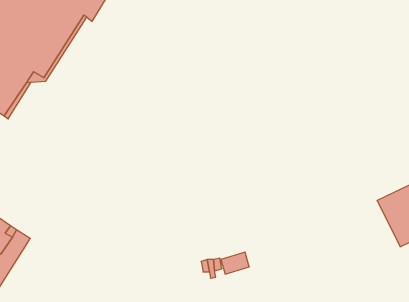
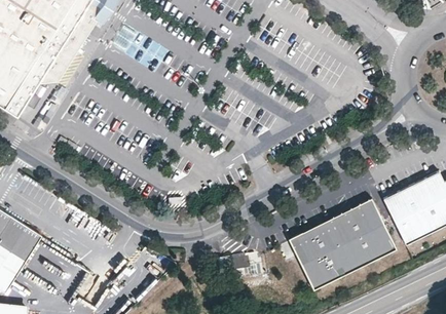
building: none -> [289,198,395,288]

